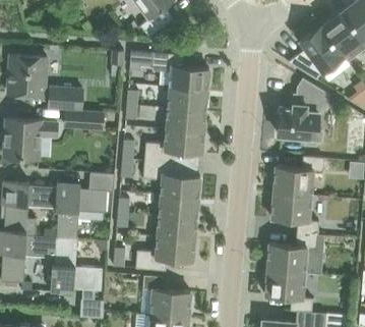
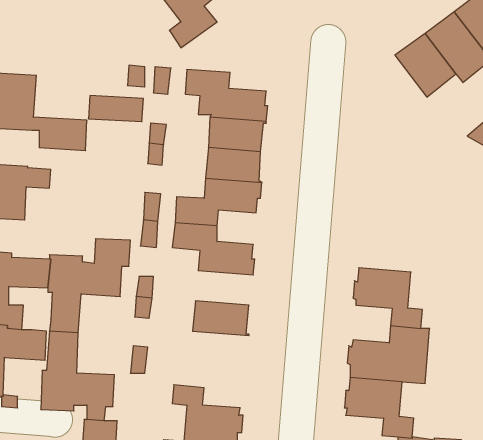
building: [278,78,328,146] -> none
building: [64,110,103,128] -> [88,96,143,122]
building: [271,156,323,196] -> none
building: [159,195,199,219] -> none
building: [135,237,196,271] -> none

